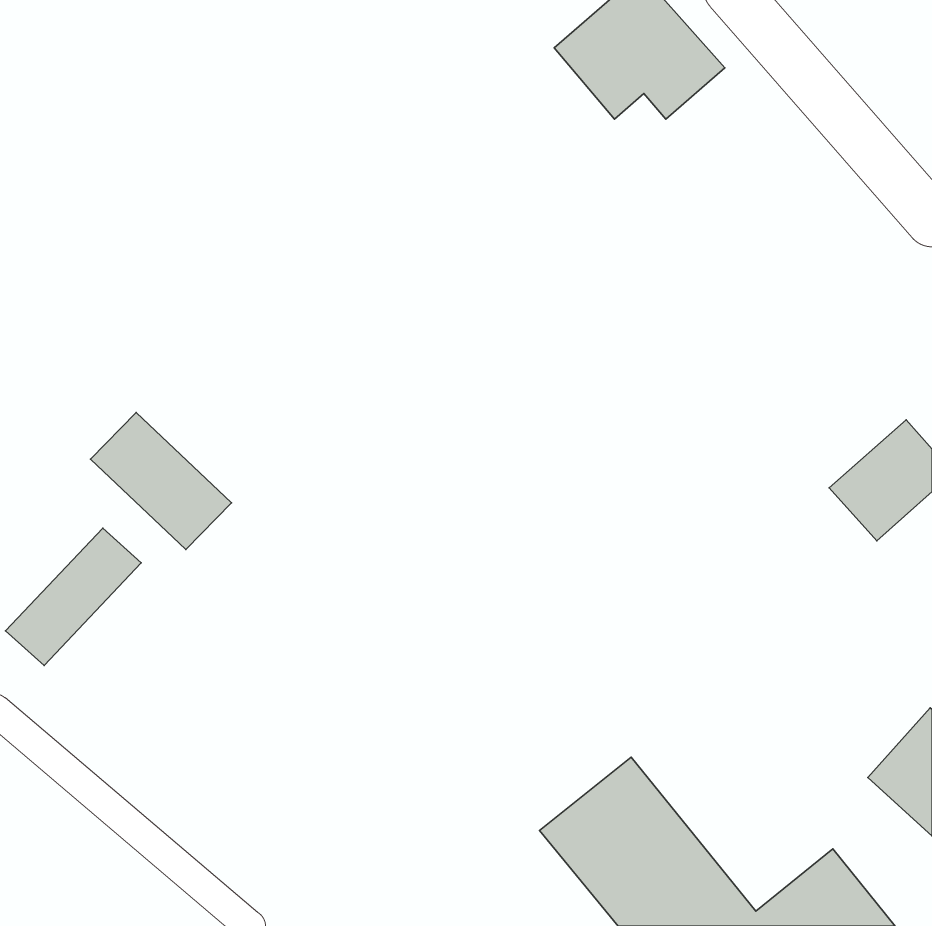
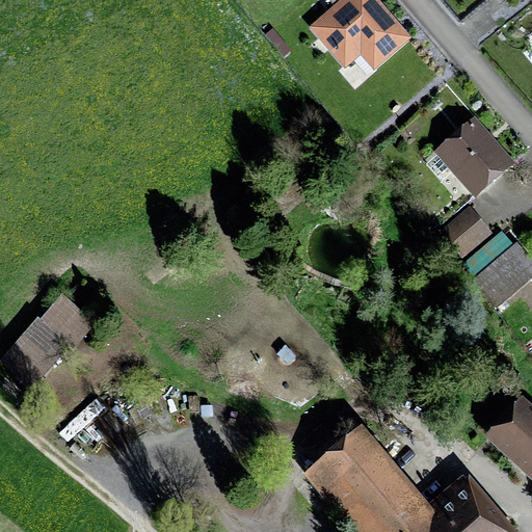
building: none -> [440,115,517,194]
building: none -> [441,207,489,256]
building: [90,413,232,549] -> none

